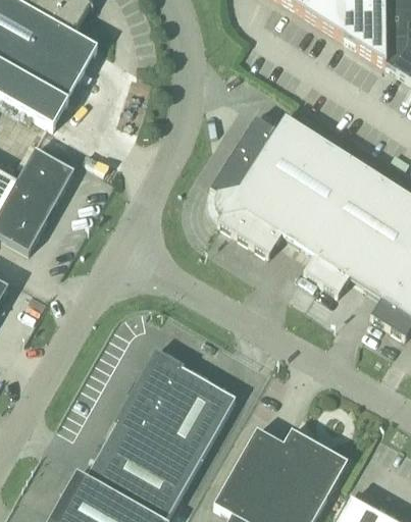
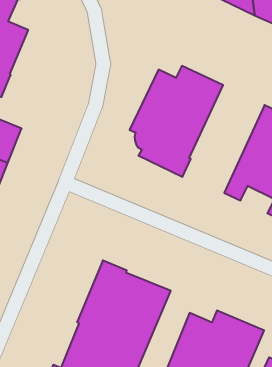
building: [278,145,381,280] -> none

